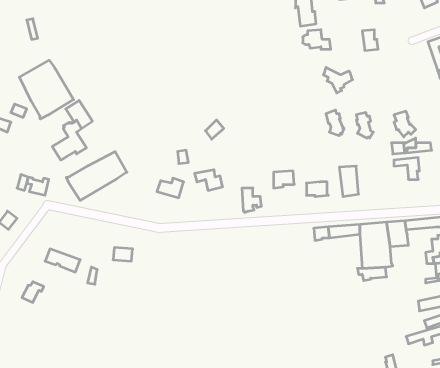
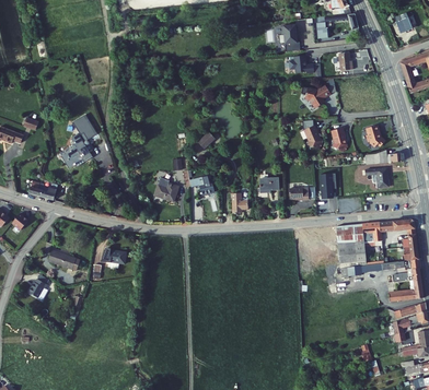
building: [19,60,74,119] -> none
building: [66,152,127,200] -> none

